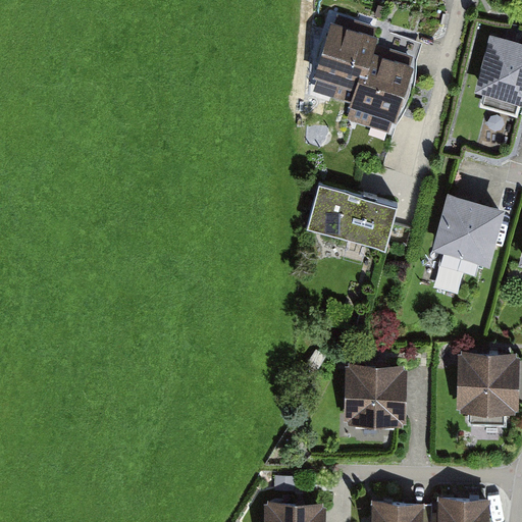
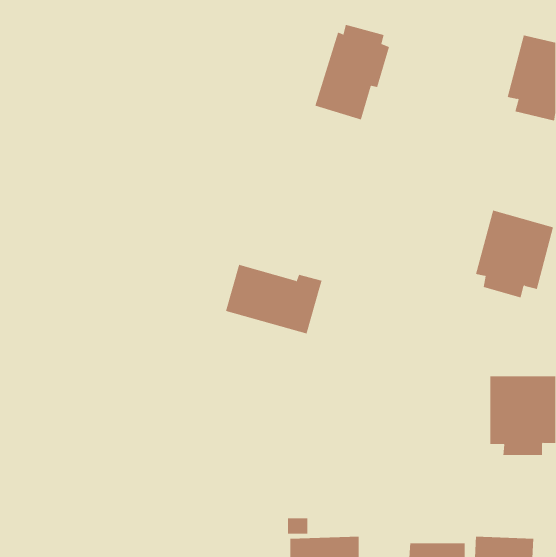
building: [346,30,416,119] -> none
building: [306,186,397,251] -> [225,264,322,334]
building: [343,364,408,440] -> none

